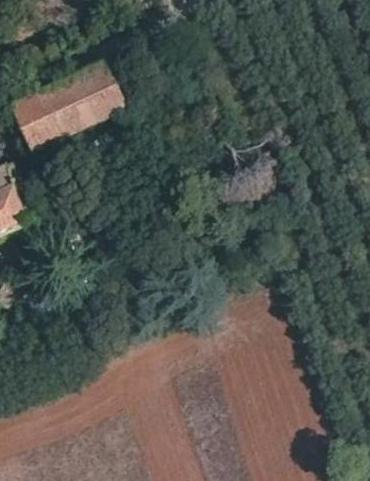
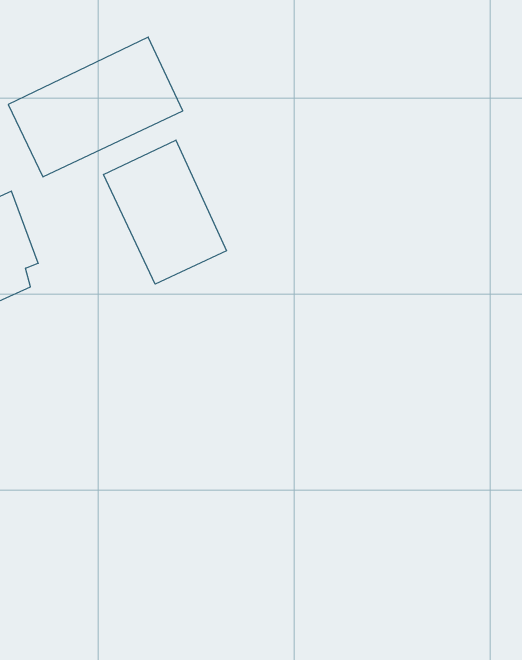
building: none -> [104,140,227,284]

